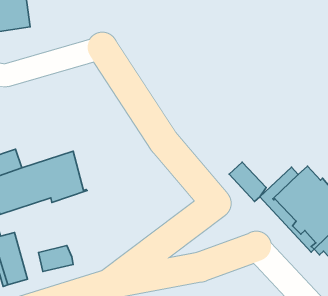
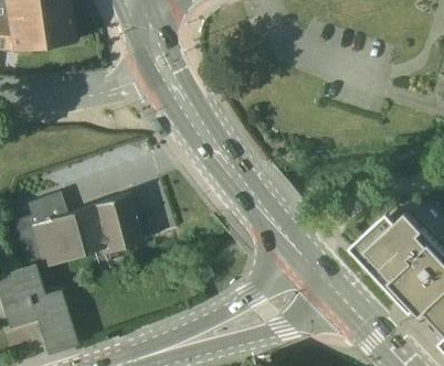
building: [229,162,266,202] -> none
building: [39,246,73,272] -> none

